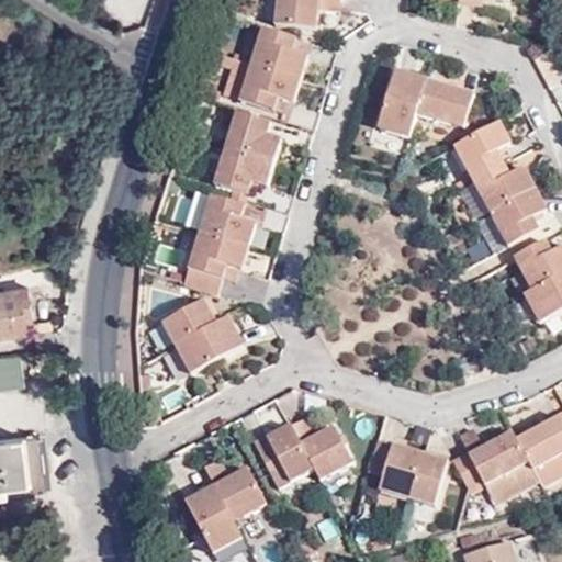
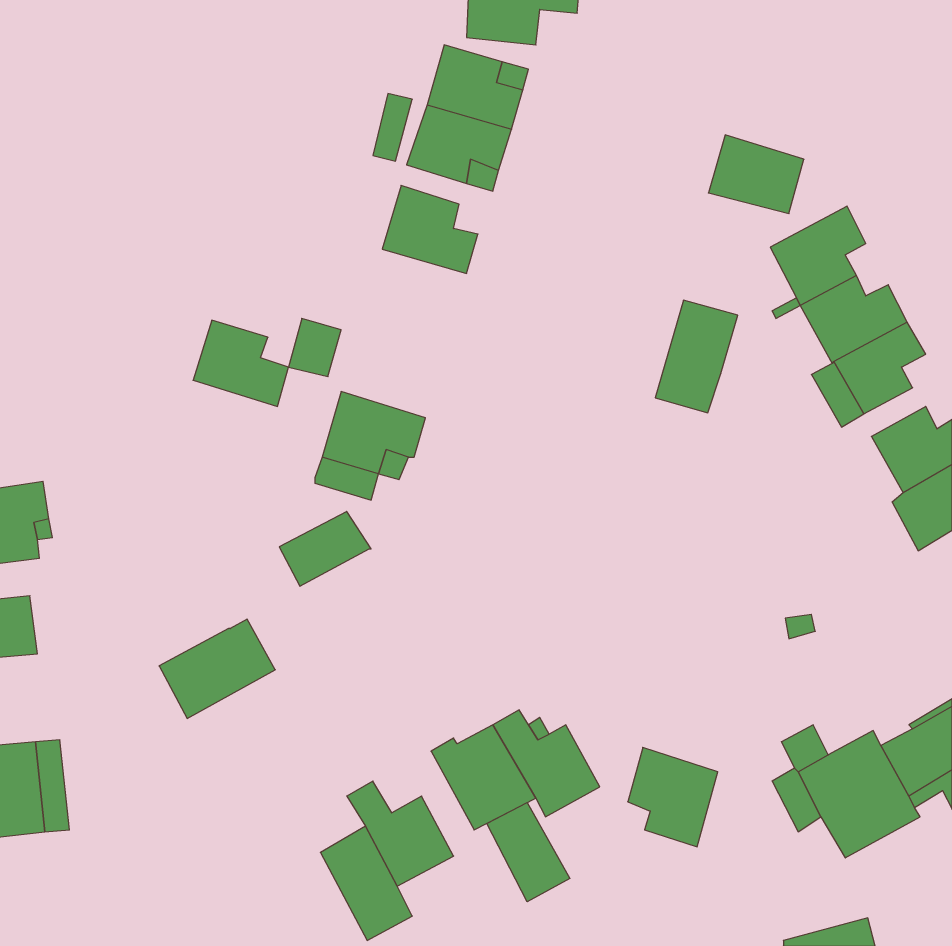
building: [376,70,425,136] -> [655,300,738,413]
building: [213,146,273,193] -> none
building: [200,194,256,245] -> [193,320,289,406]
building: [176,316,244,374] -> [159,619,275,718]
building: [408,452,446,504] -> none
building: none -> [487,803,570,902]

